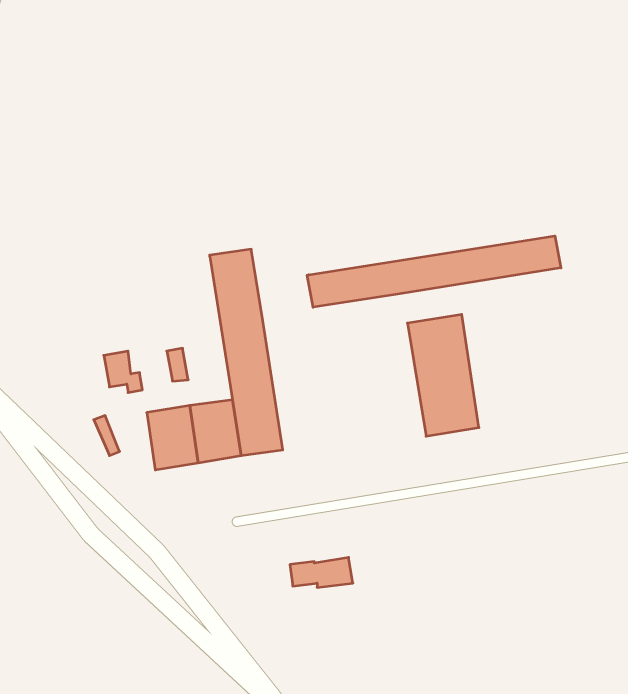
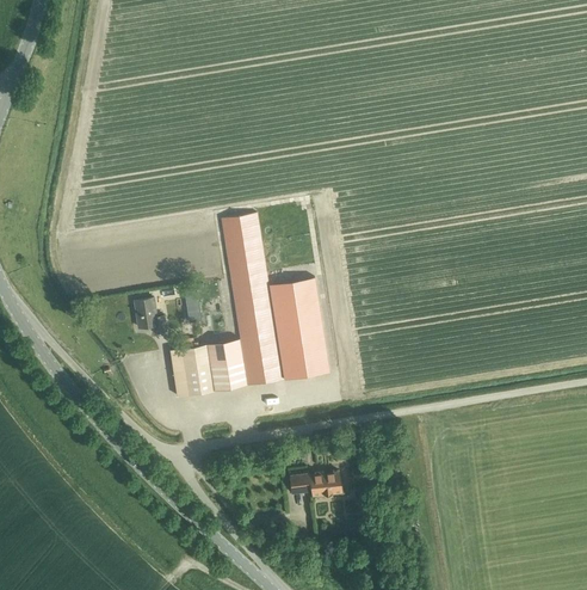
building: [307,236,561,307] -> none
building: [407,314,479,436] -> [268,278,328,380]

